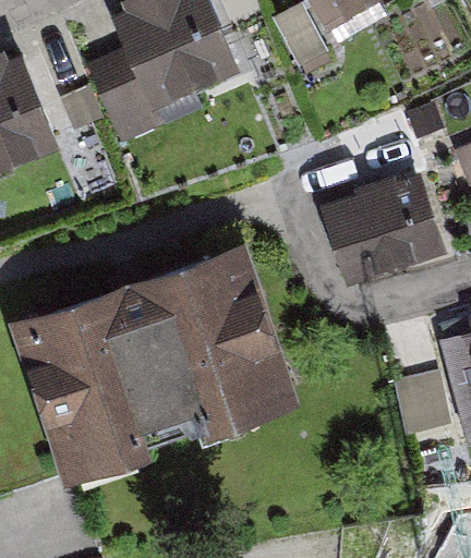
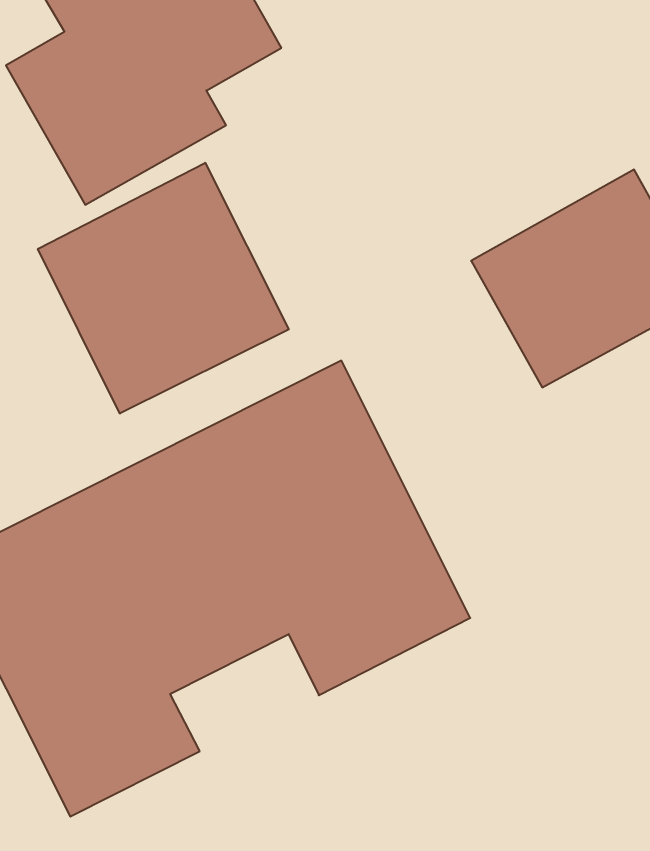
building: none -> [38,163,289,414]

